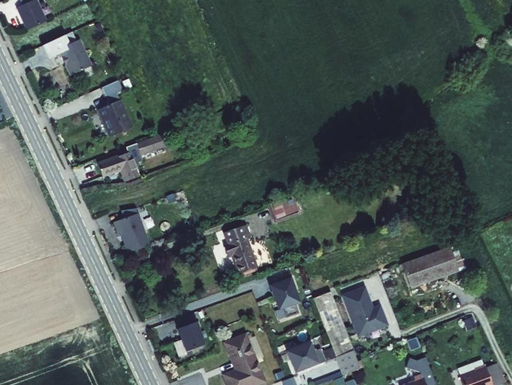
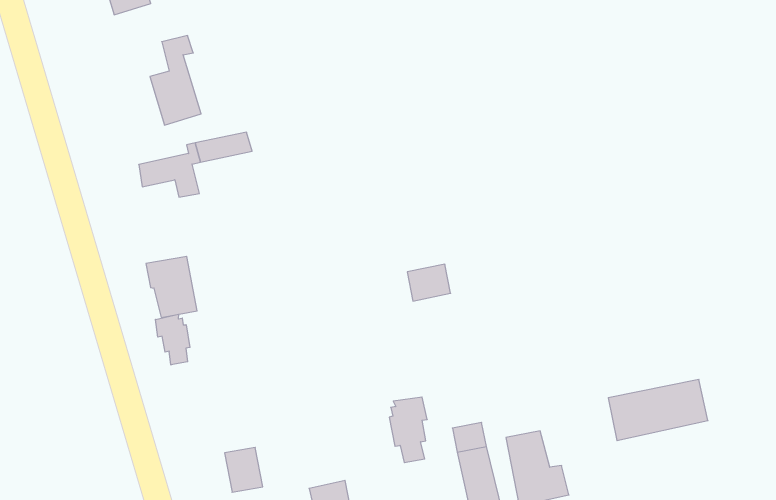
building: [221,223,256,273] -> none
building: none -> [155,314,190,365]

